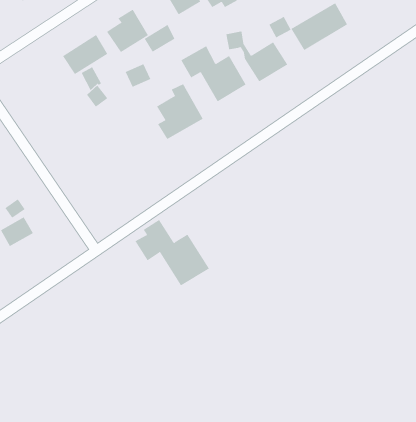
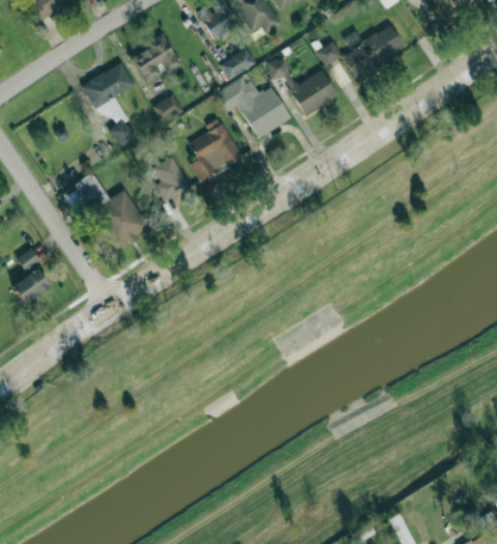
building: [144,24,175,52] -> [220,48,256,80]
building: none -> [153,156,190,201]
building: [135,219,210,286] -> [64,173,150,249]

